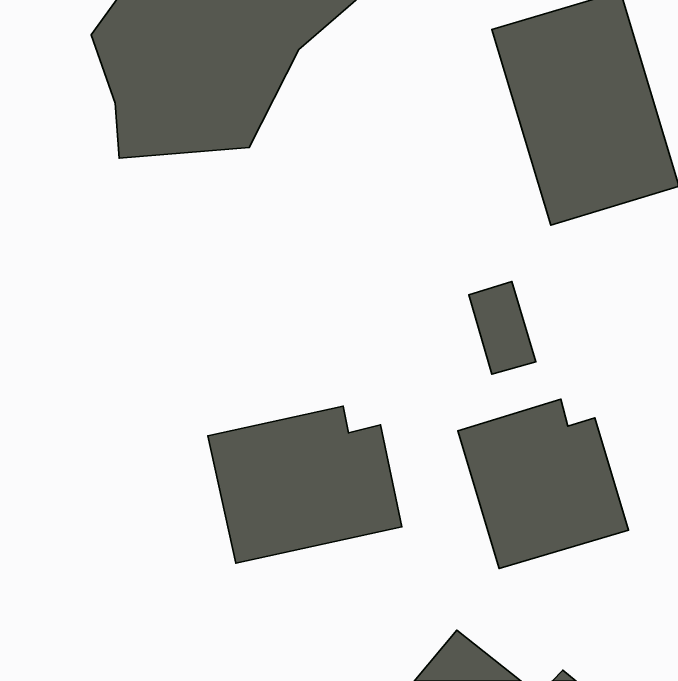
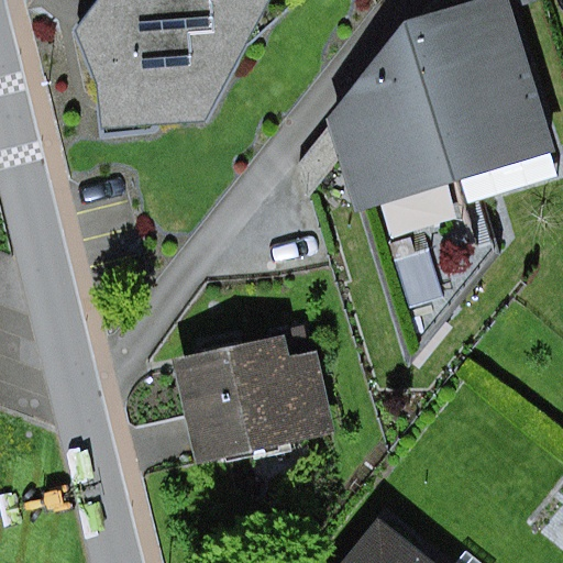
building: none -> [333,24,452,210]
building: [458,399,628,569] -> none

